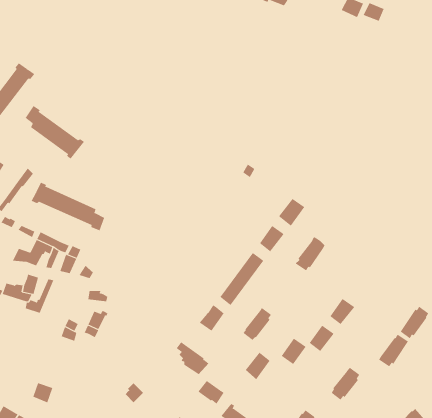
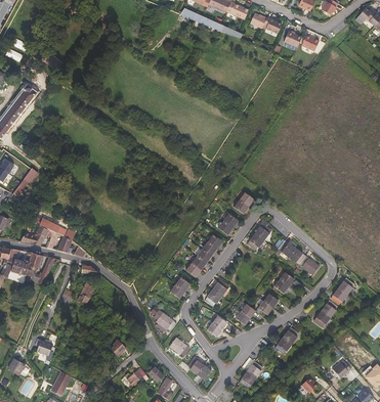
building: [25,105,85,160] -> none
building: [31,182,105,231] -> none
building: none -> [273,236,319,274]

